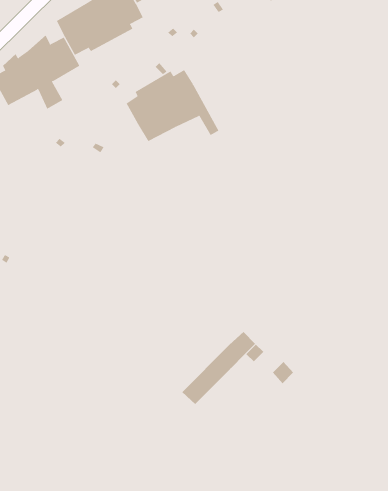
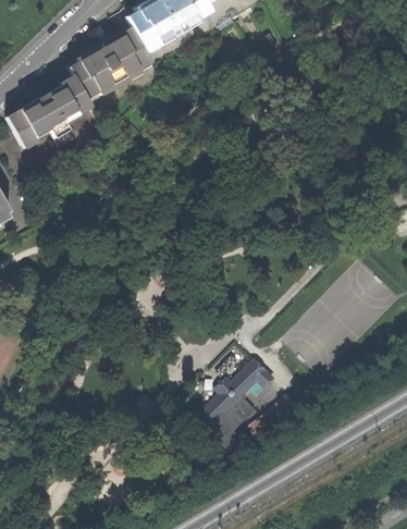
building: [126,69,219,142] -> none
building: none -> [203,394,249,455]

